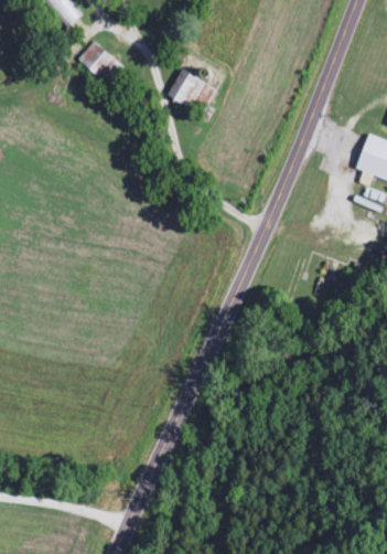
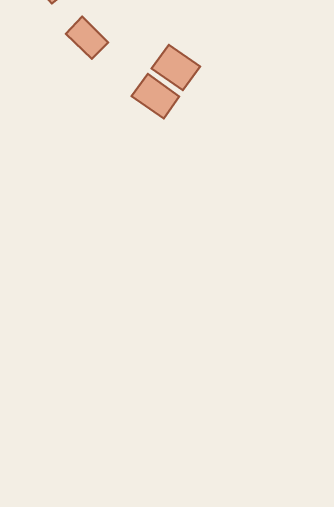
building: none -> [131,74,179,119]

